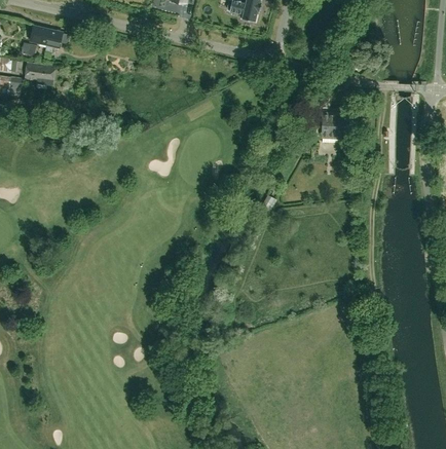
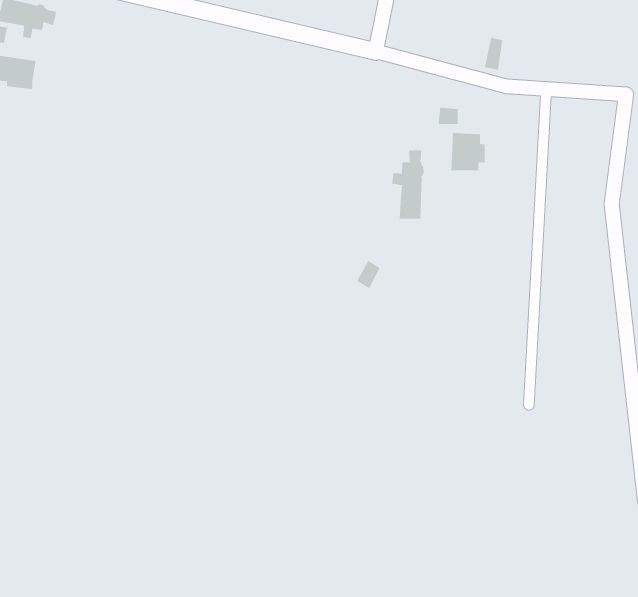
building: none -> [392,149,424,220]

